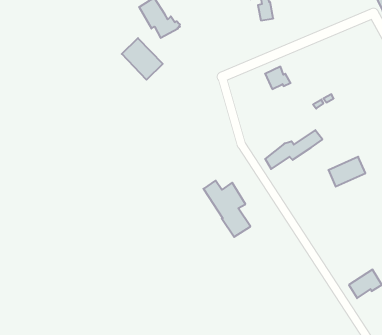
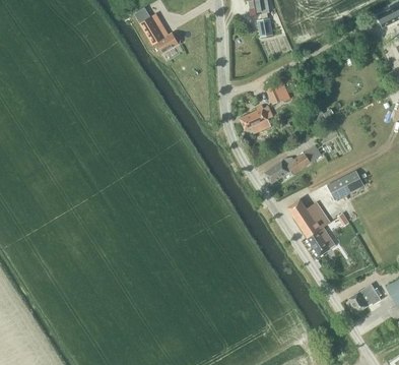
building: [122,38,163,80] -> none
building: none -> [239,104,273,132]
building: [203,181,250,237] -> [288,198,335,254]

